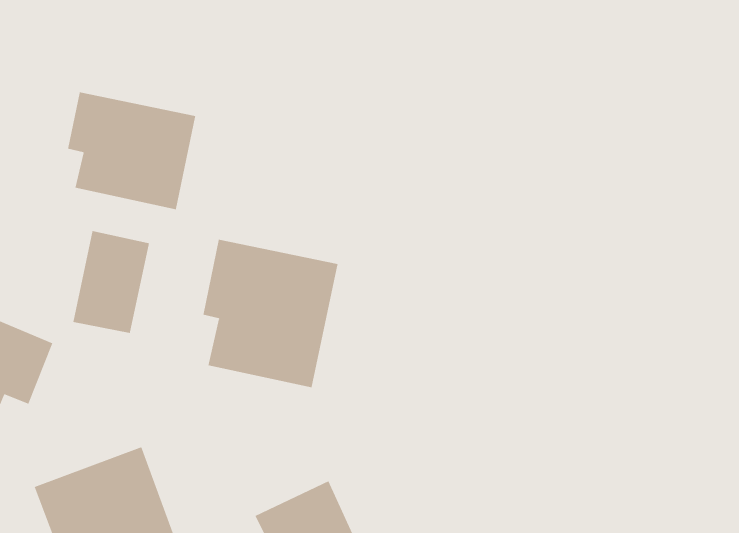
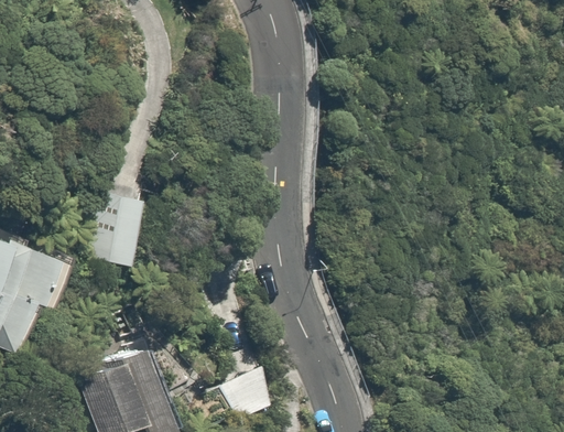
building: [68,91,196,210] -> none
building: [203,239,338,388] -> none

